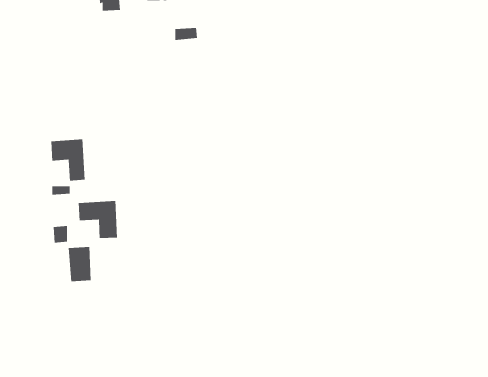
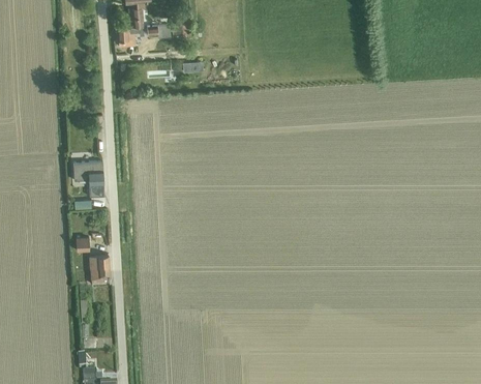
building: [78,200,117,239] -> none

